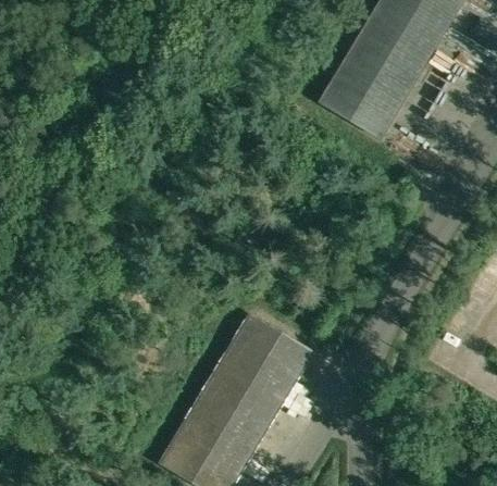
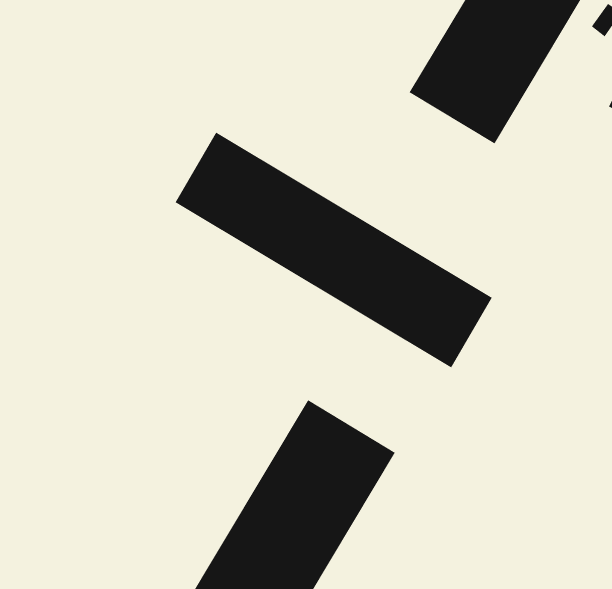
building: none -> [174,132,493,368]

